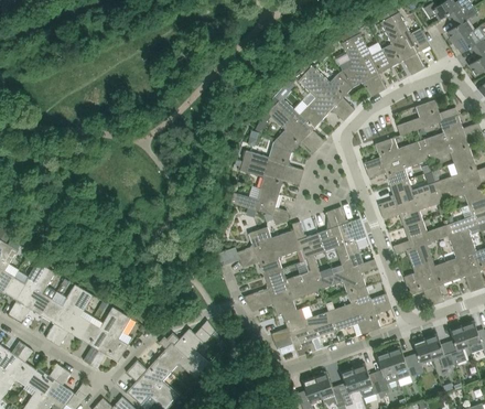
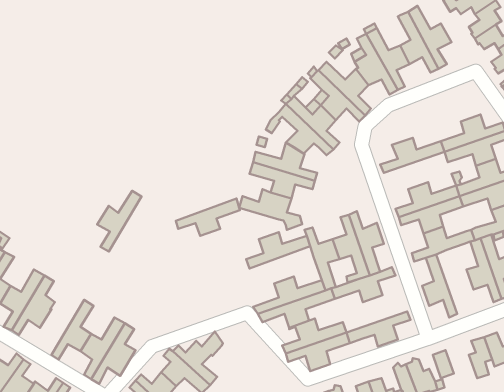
building: [397,99,459,136] -> none
building: [367,150,428,185] -> none
building: [240,239,301,275] -> [176,199,240,236]
building: [417,243,452,303] -> none
building: [42,284,84,342] -> [97,191,141,251]
building: [328,286,389,321] -> none
building: [425,333,455,368] -> none

